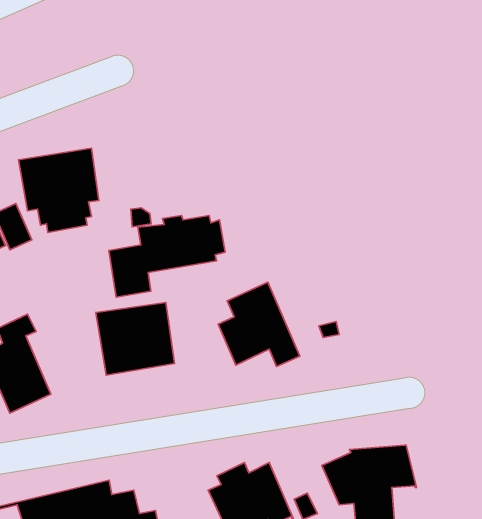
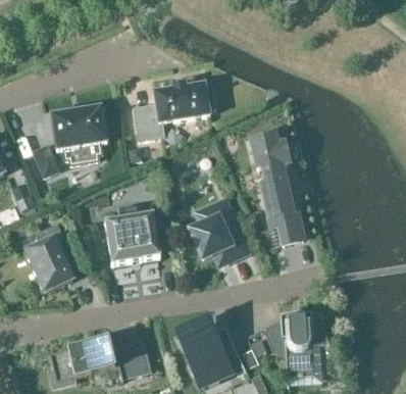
building: none -> [251,134,303,244]
building: [109,216,225,297] -> [134,83,215,140]

